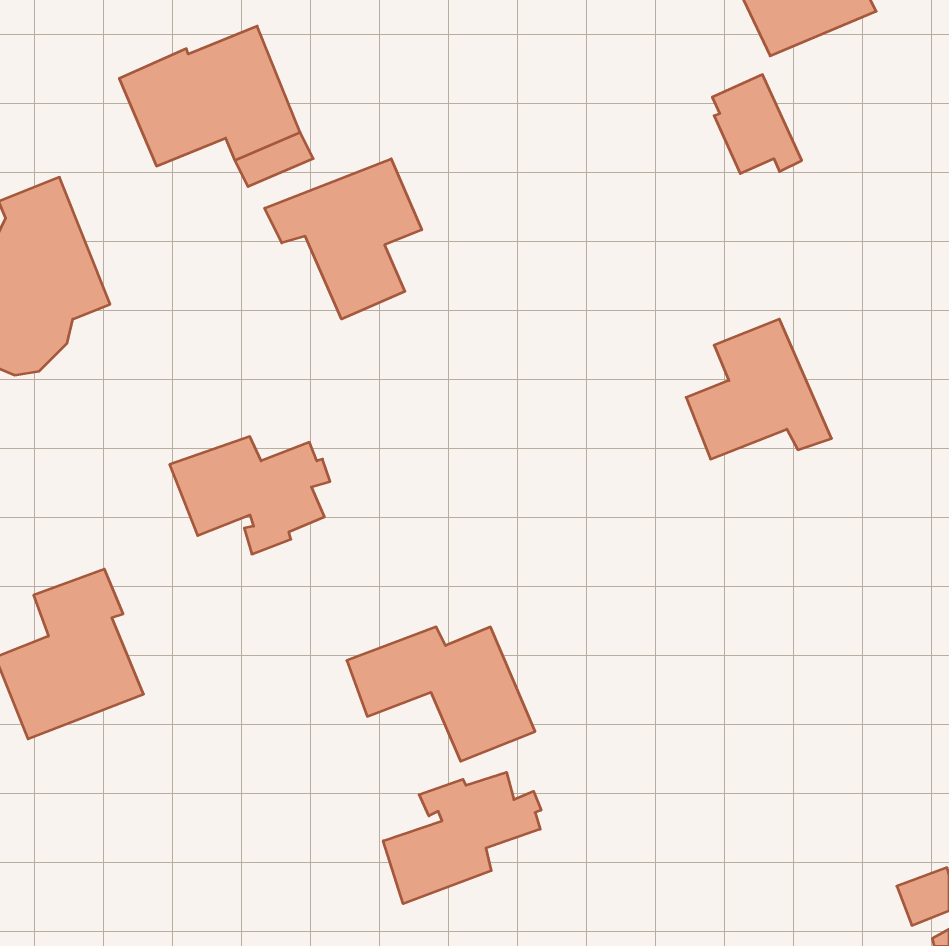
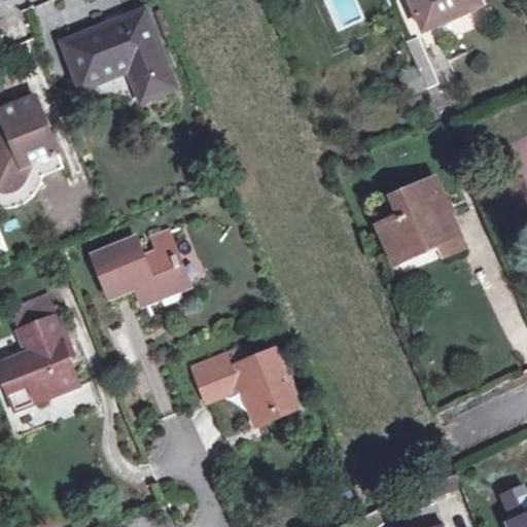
building: [265,159,422,319] -> none
building: [383,772,541,904] -> none

